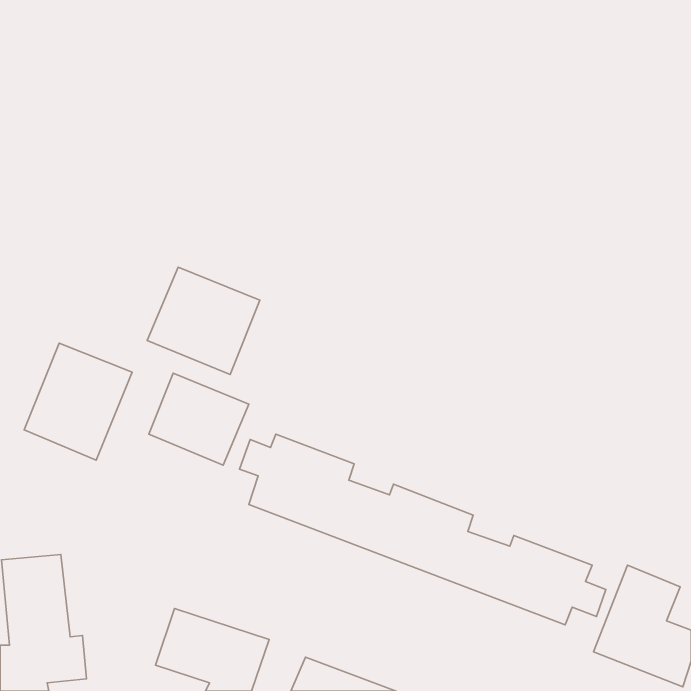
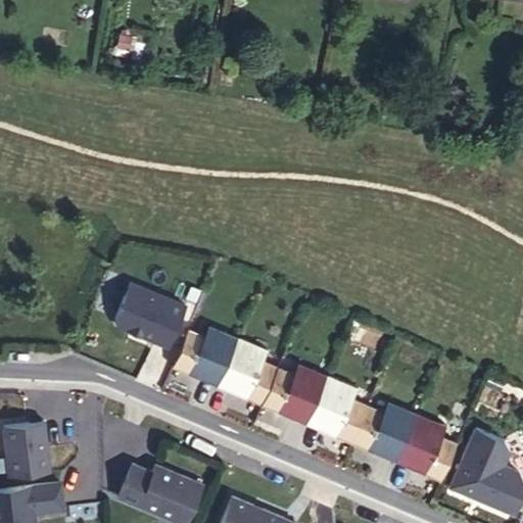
building: [147,267,260,375] -> none
building: [24,343,132,460] -> none

